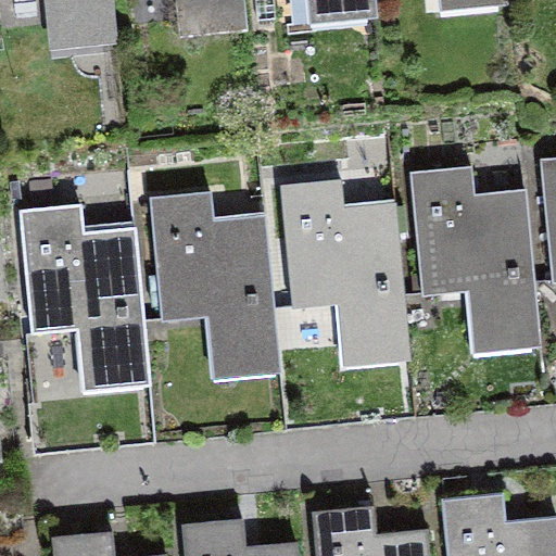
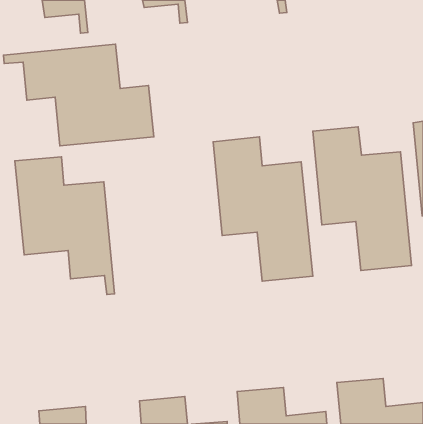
building: none -> [3,44,154,146]
building: [150,192,280,372] -> none

